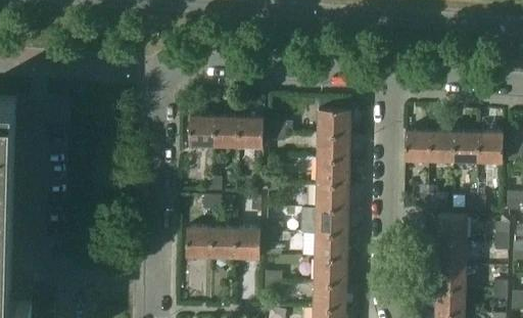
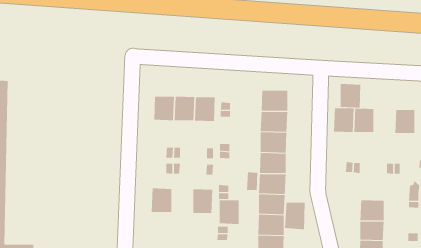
building: [454,132,479,162] -> [340,84,361,108]
building: [437,216,467,242] -> none
building: [211,228,236,258] -> [219,200,239,224]
building: none -> [285,202,305,230]

